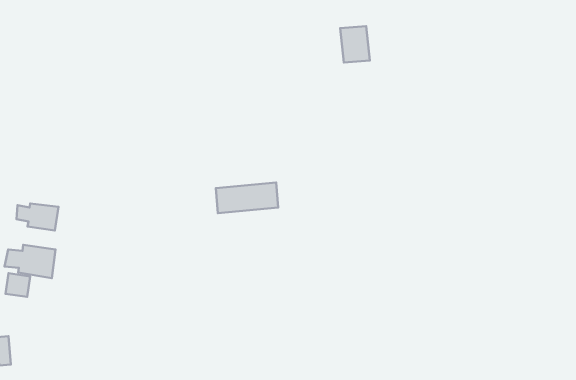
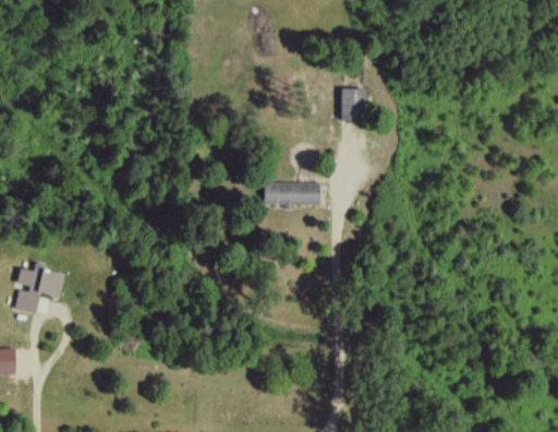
building: [216,183,278,213] -> [263,181,318,205]
building: [16,204,59,230] -> none

